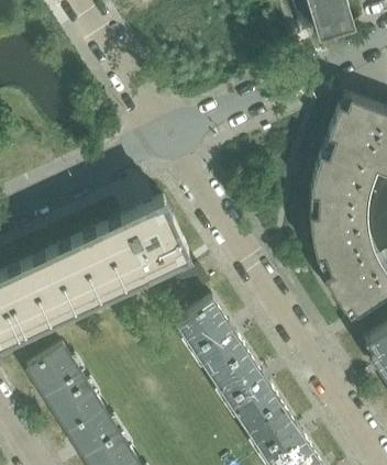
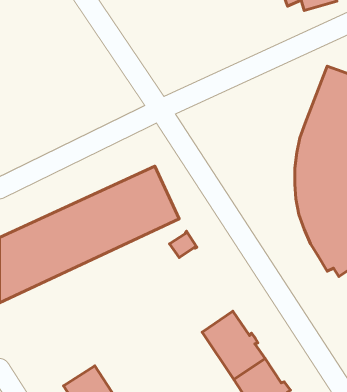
building: [179,303,246,377] -> none
building: [31,352,102,433] -> none

